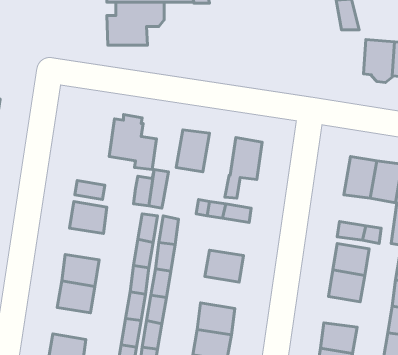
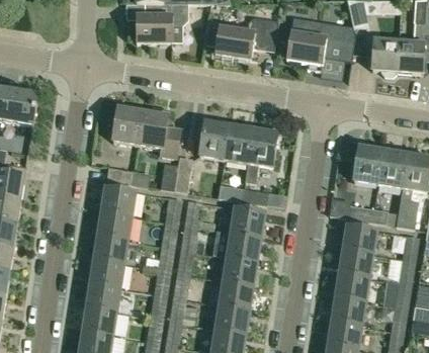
building: none -> [214,17,278,59]
building: none -> [286,22,348,64]
building: none -> [112,106,143,145]
building: none -> [224,123,254,162]
building: none -> [230,206,265,236]
building: none -> [97,210,133,240]
building: none -> [222,255,257,284]
building: none -> [335,273,368,301]
building: none -> [86,283,120,313]

